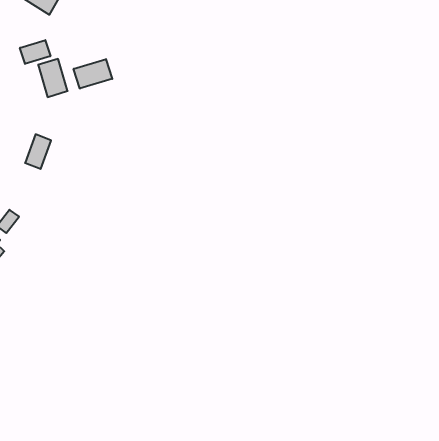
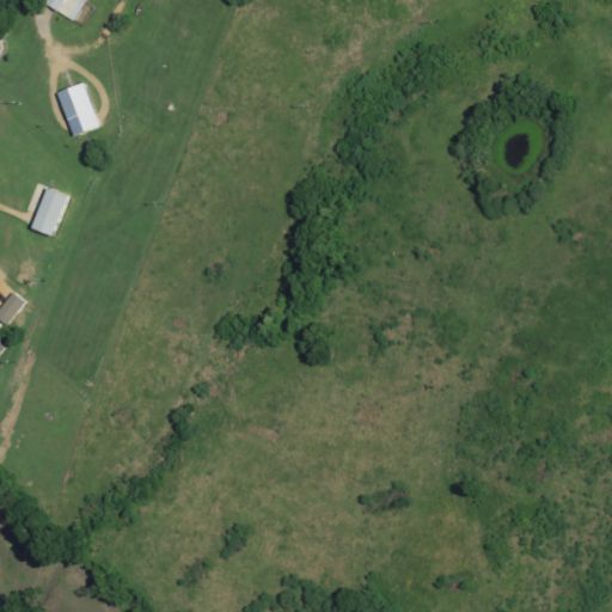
building: [20,40,50,64] -> none
building: [74,59,112,89] -> none

